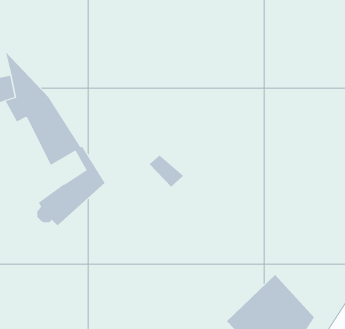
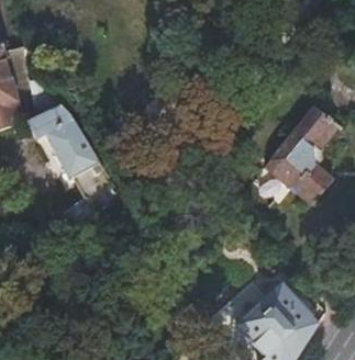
building: none -> [264,106,334,204]

